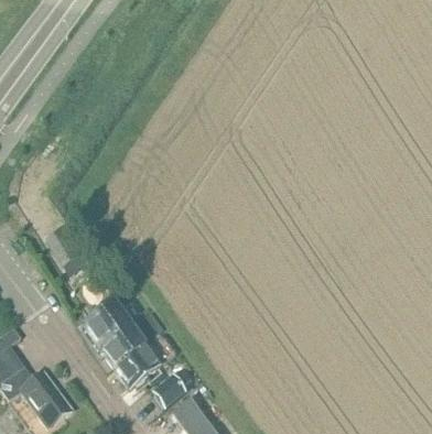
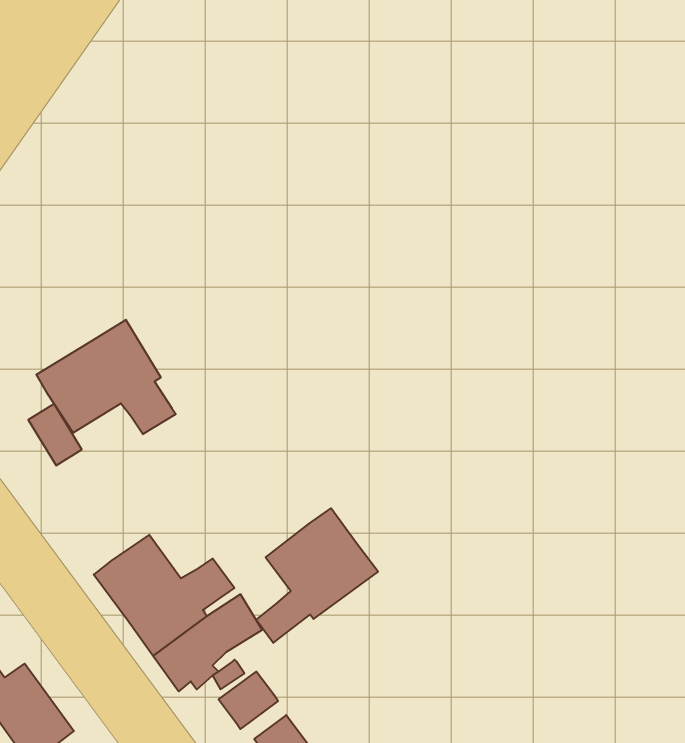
building: none -> [36,320,176,434]
building: none -> [256,508,378,643]

